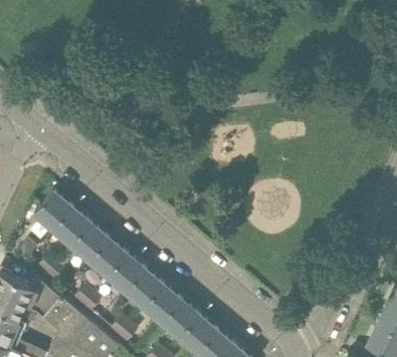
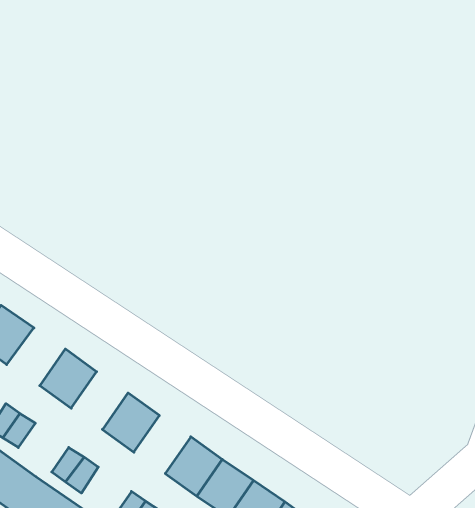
building: [52,208,89,244] -> none
building: [86,239,126,275] -> none
building: [126,270,162,306] -> none

